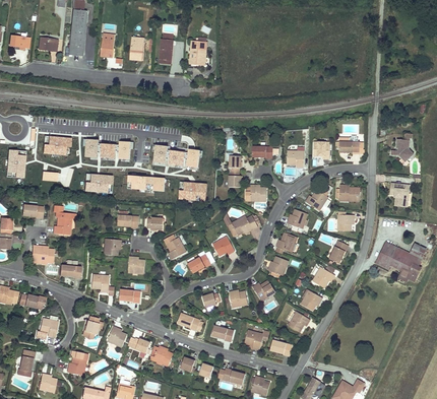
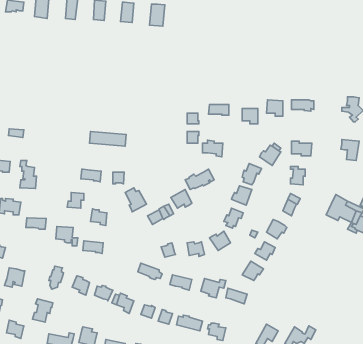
building: [43,136,70,154] -> none
building: [85,139,129,160] -> none
building: [153,145,199,170] -> none
building: [83,174,111,191] -> none
building: [179,182,205,200] -> none

